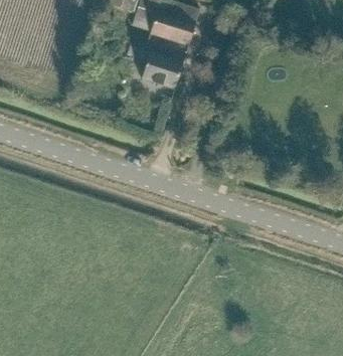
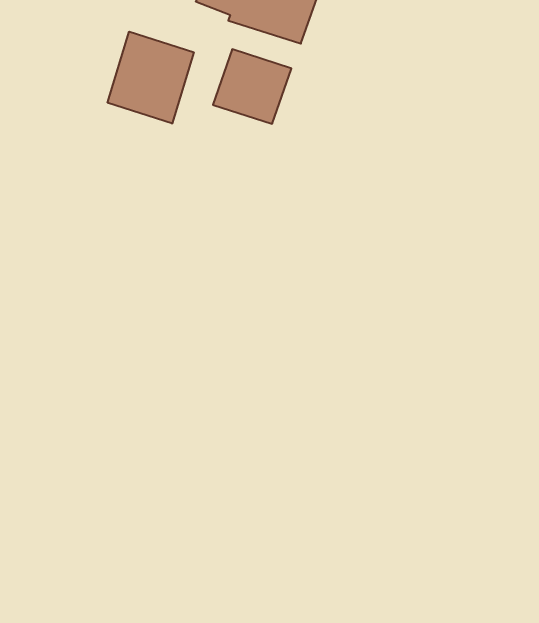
building: none -> [108,32,194,124]

